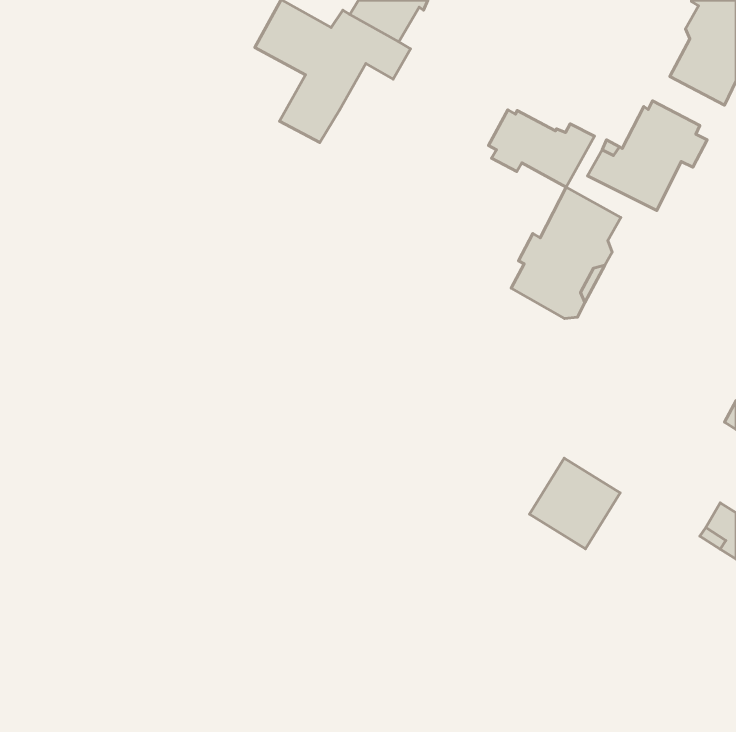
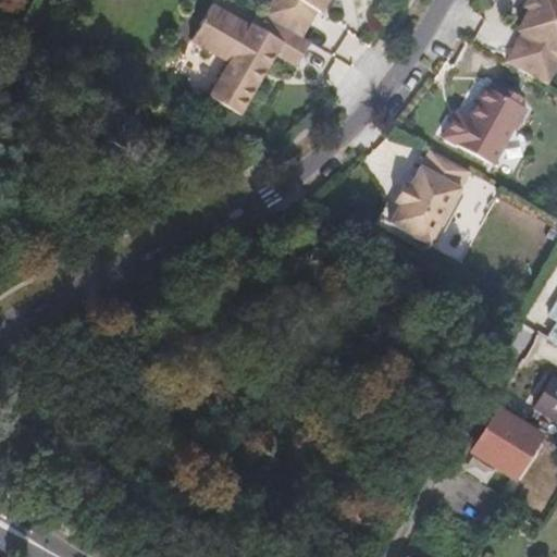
building: [489,110,595,187] -> none
building: [529,458,620,549] -> [472,410,541,479]

